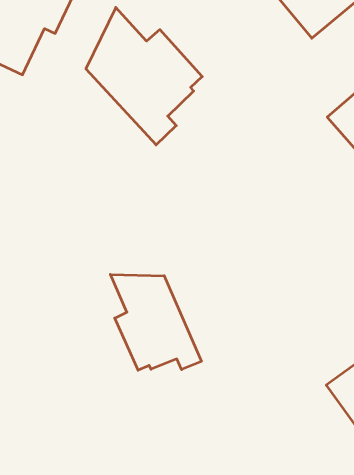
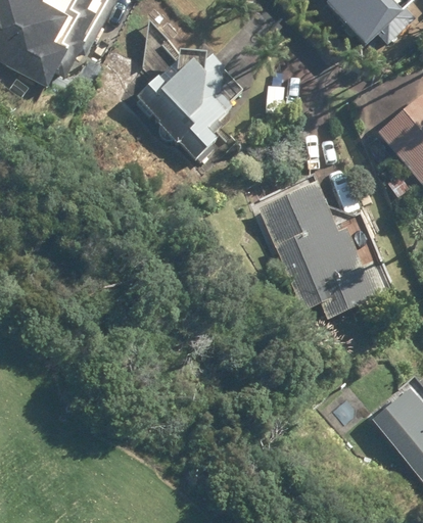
building: none -> [257,178,386,316]
building: [110,274,201,370] -> none

